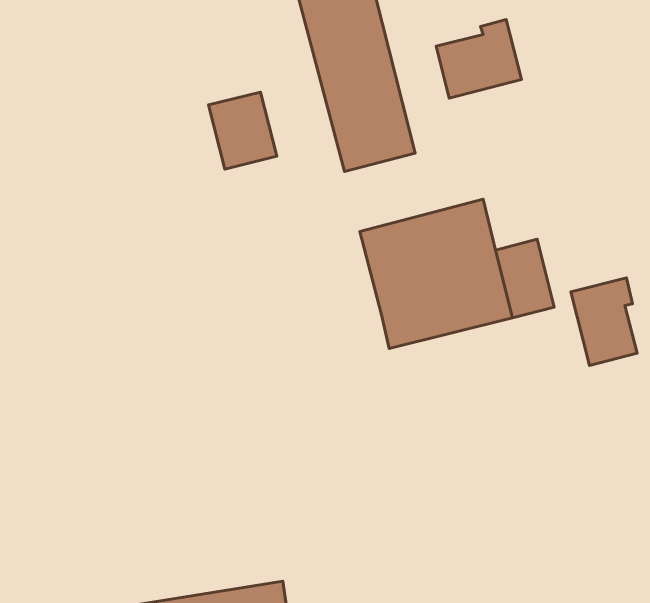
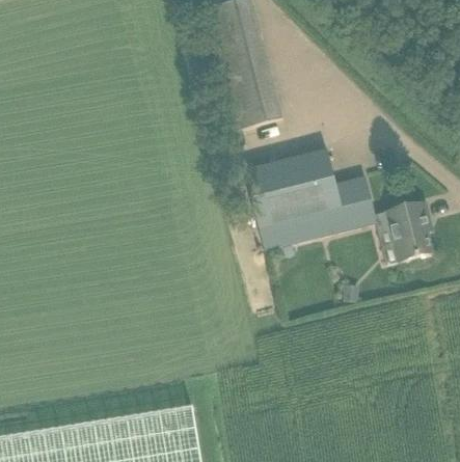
building: [436,19,521,98] -> none
building: [209,92,277,169] -> none

